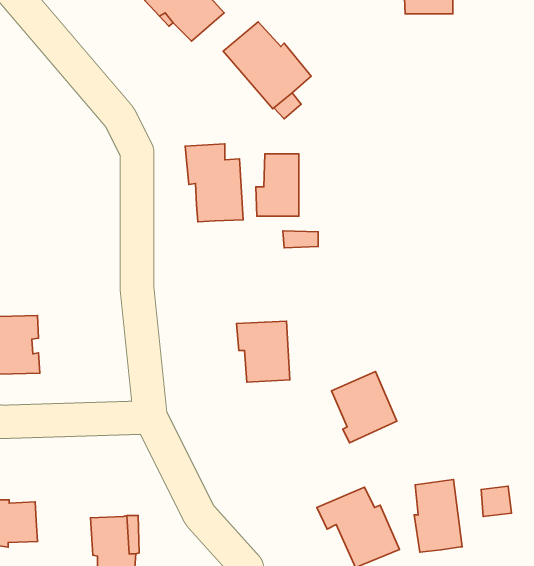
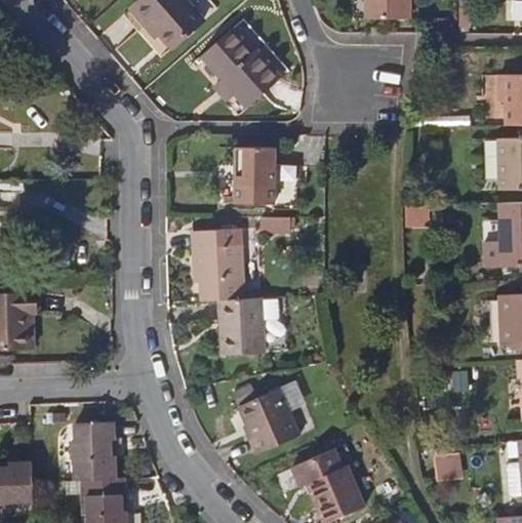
building: [185,144,243,222] -> [189,232,241,303]
building: [331,372,397,443] -> [239,389,298,453]
building: none -> [73,420,119,478]
building: [414,480,462,552] -> none

